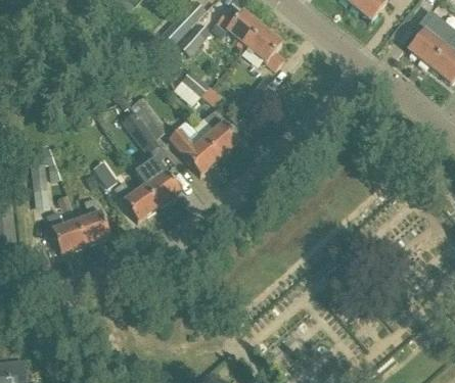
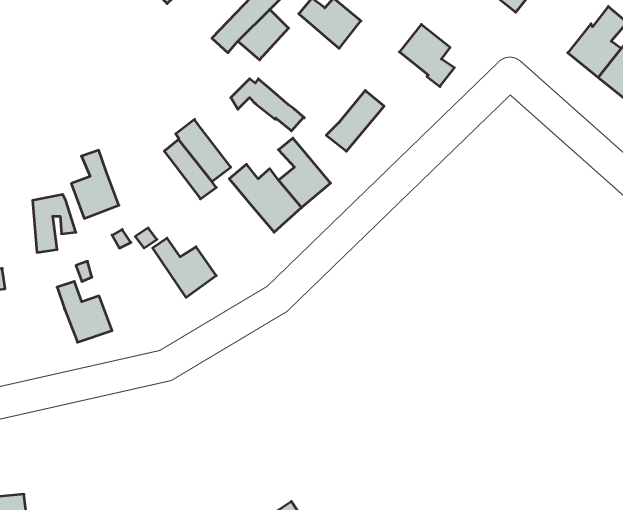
building: [246,26,285,69] -> [399,24,454,87]
building: [135,156,181,205] -> none
building: [77,196,110,244] -> [71,150,119,218]

